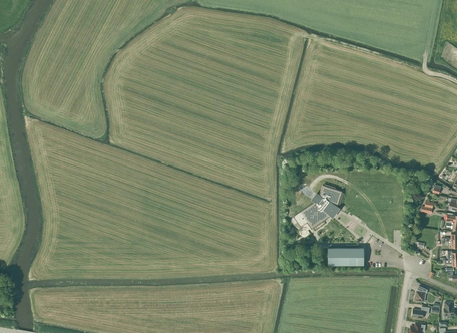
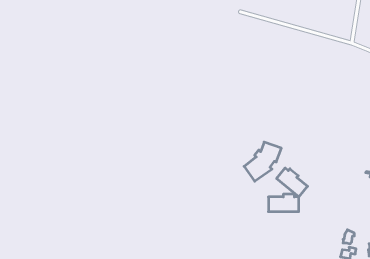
building: none -> [277,168,308,197]

